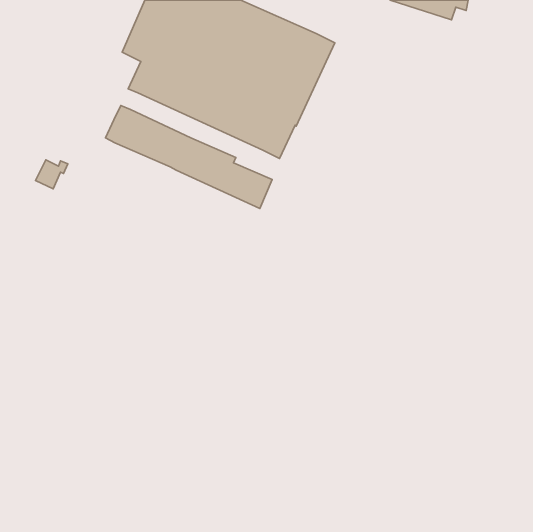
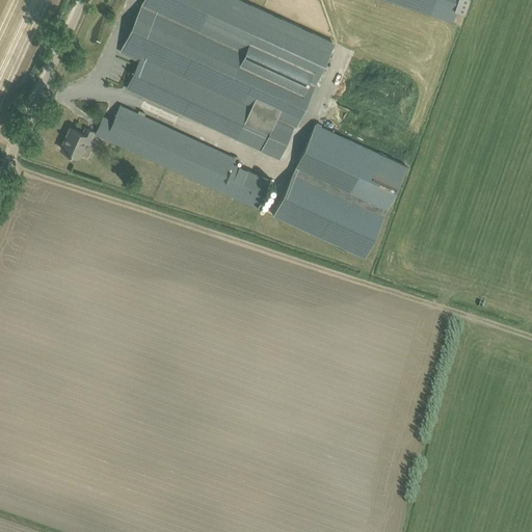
building: none -> [273,124,406,258]
building: [35,160,68,189] -> [60,128,92,157]

